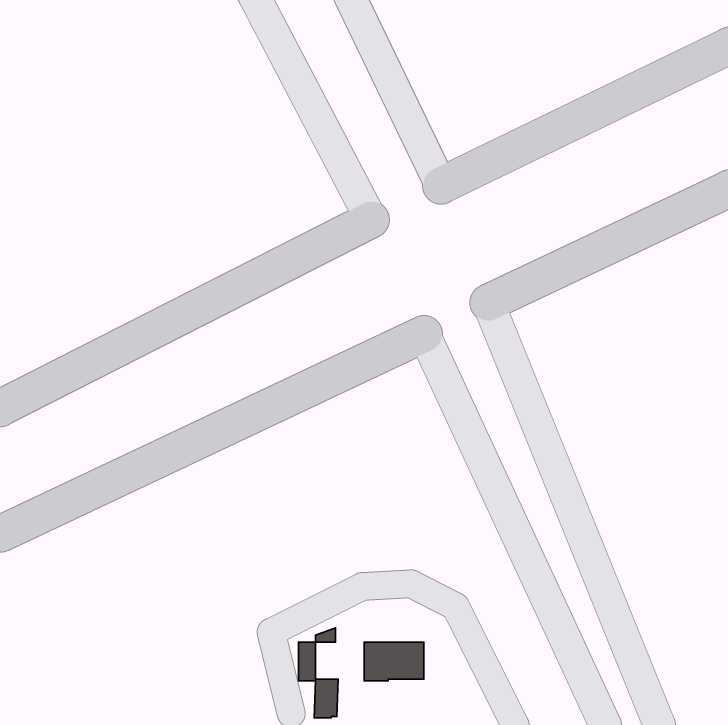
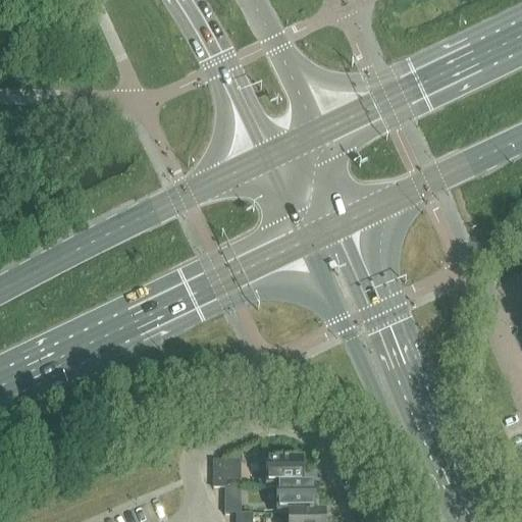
building: none -> [278,485,315,513]

